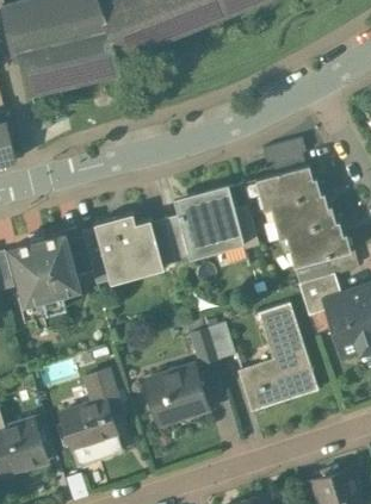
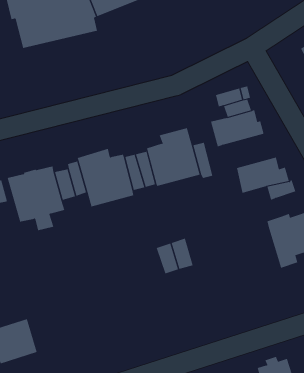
building: [271,197,335,238] -> none
building: [299,274,341,316] -> none
building: [241,304,316,410] -> none
building: [144,366,208,424] -> none
building: [60,369,118,446] -> none

